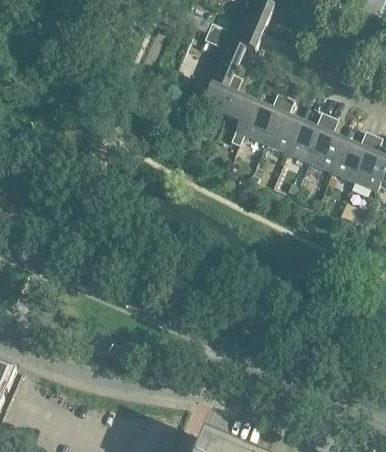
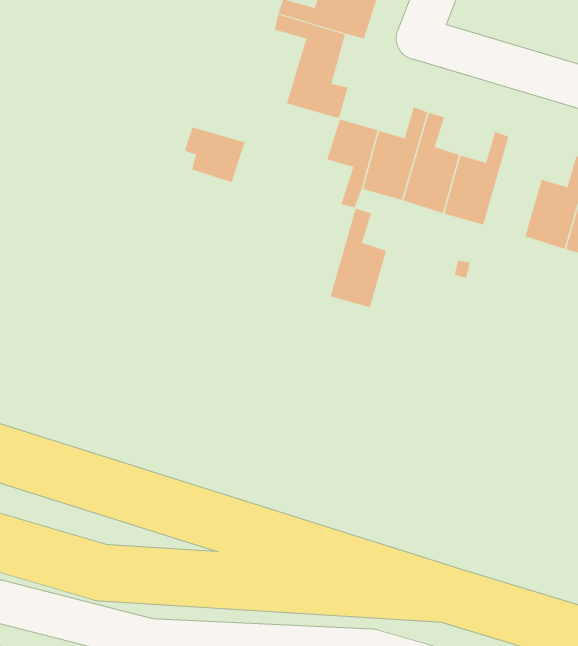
building: [201,82,236,116] -> [184,127,245,183]
building: [310,115,345,172] -> [330,208,387,308]

